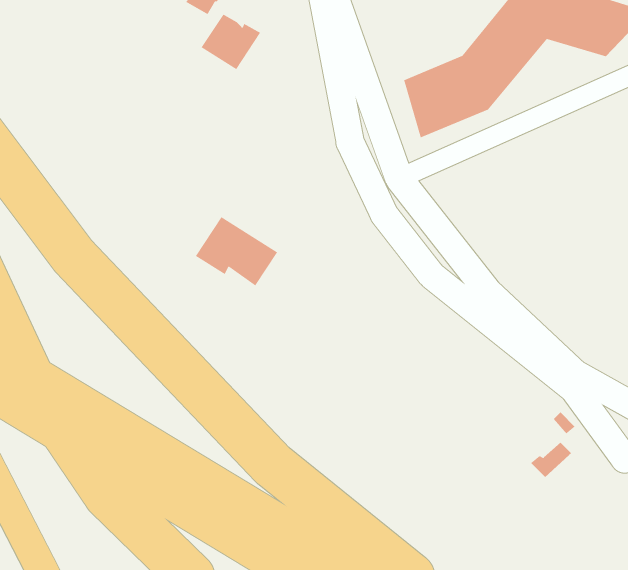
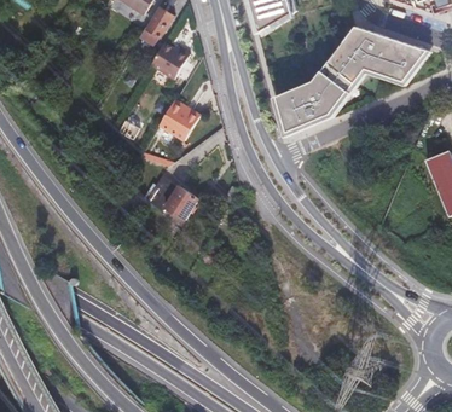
building: none -> [156,106,195,144]

